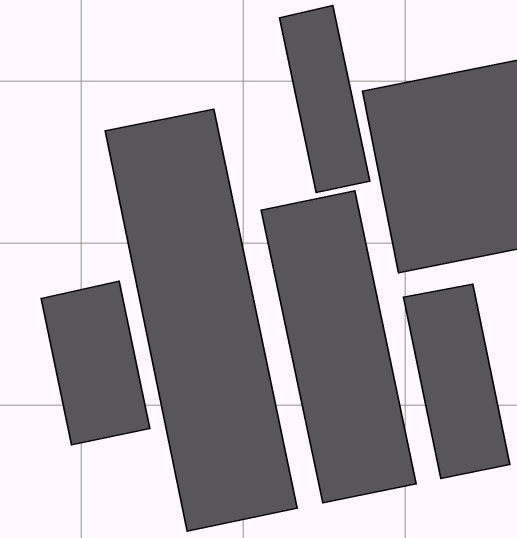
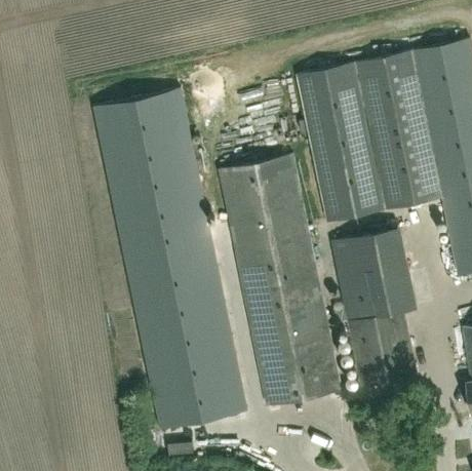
building: [280,6,370,192] -> none
building: [41,281,150,445] -> none

